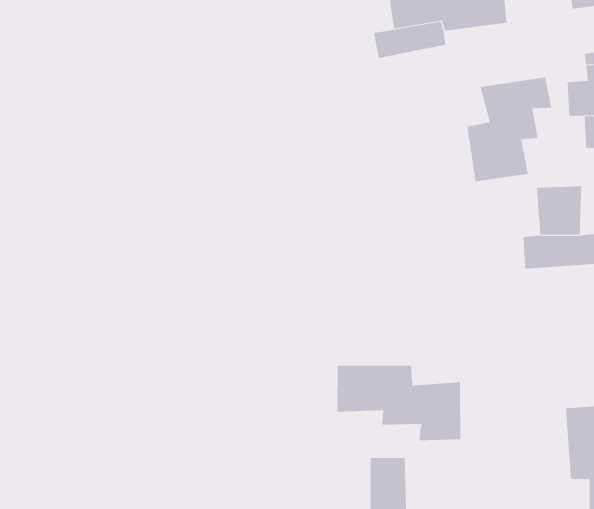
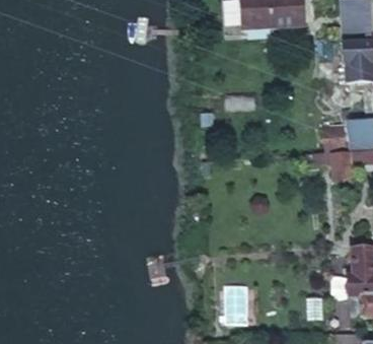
building: [467,77,552,182] -> none
building: [337,365,461,441] -> none

